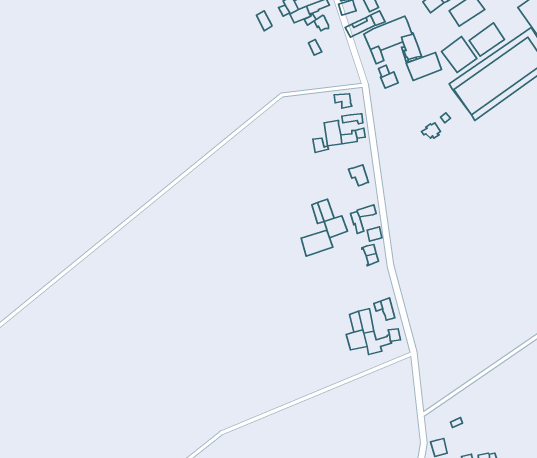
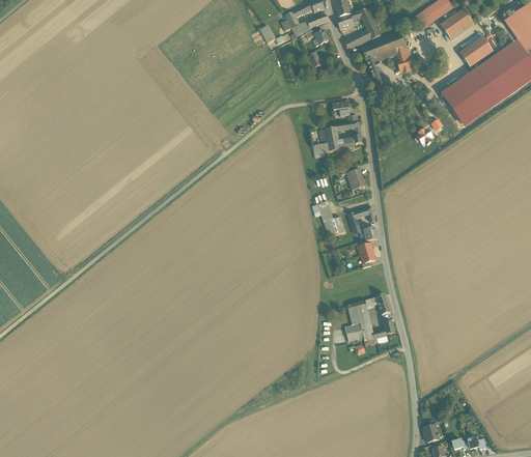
building: [441,36,477,72] -> none
building: [406,53,442,80] -> none
building: [301,230,333,256] -> none

